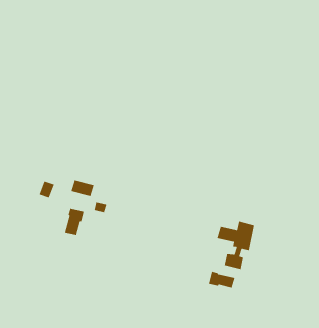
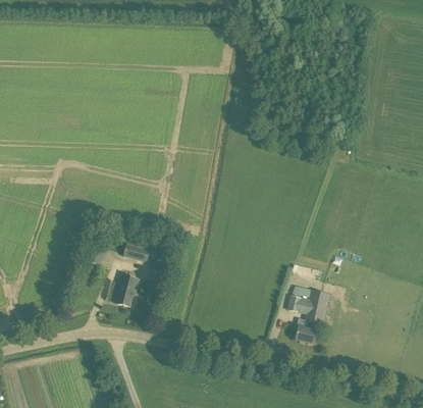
building: [208,271,235,288] -> none

